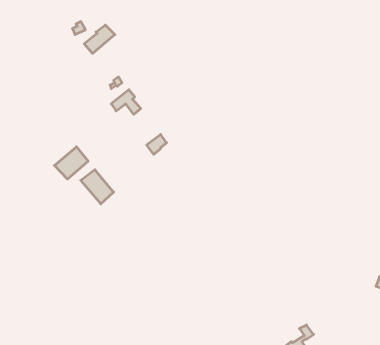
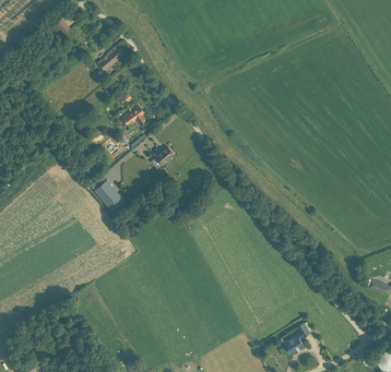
building: [54,147,88,179] -> none

